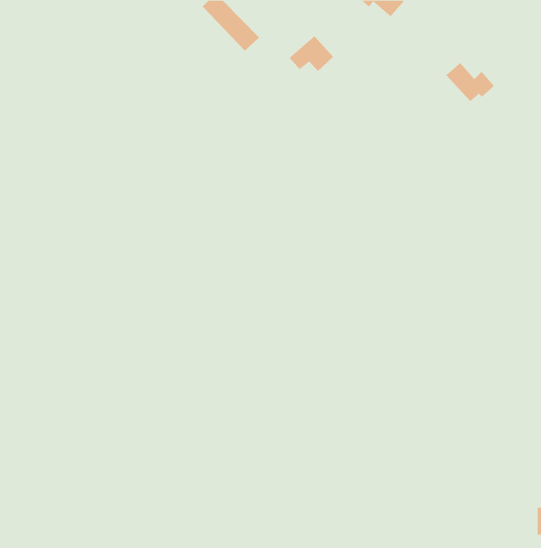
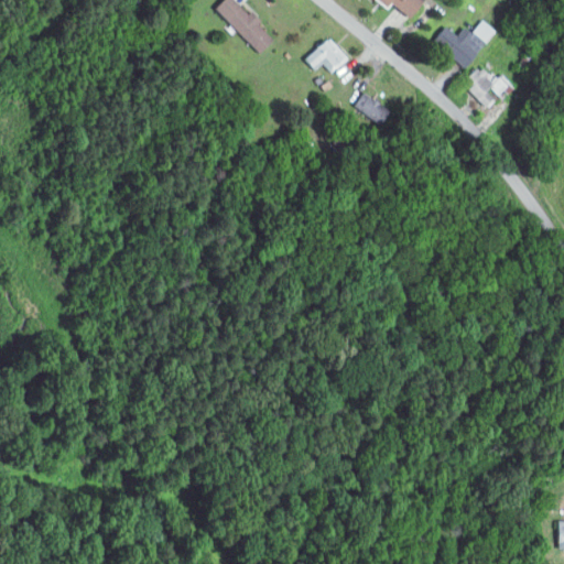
building: none -> [434,19,497,67]
building: none -> [354,91,391,123]

